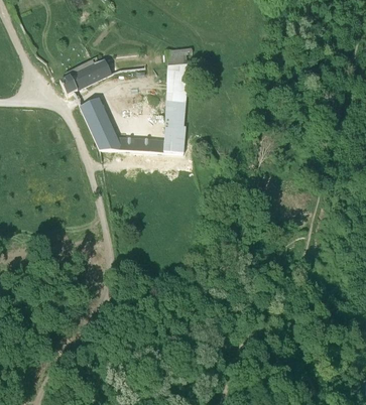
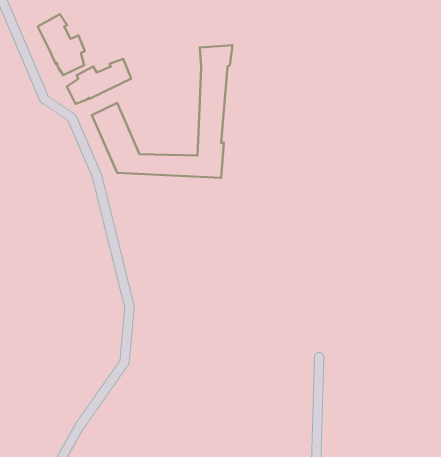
building: none -> [38,14,85,75]

